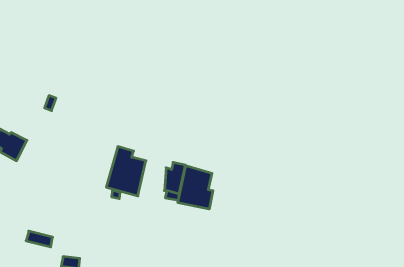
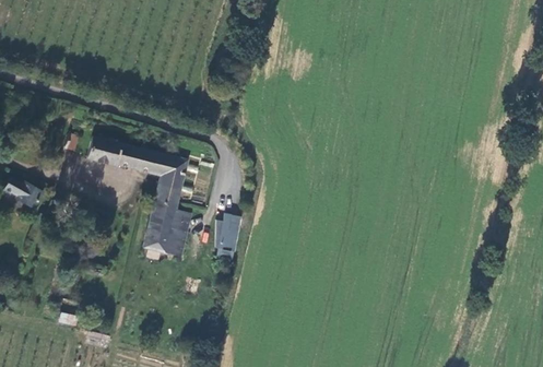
building: none -> [90,138,186,204]
building: [178,166,213,209] -> none

